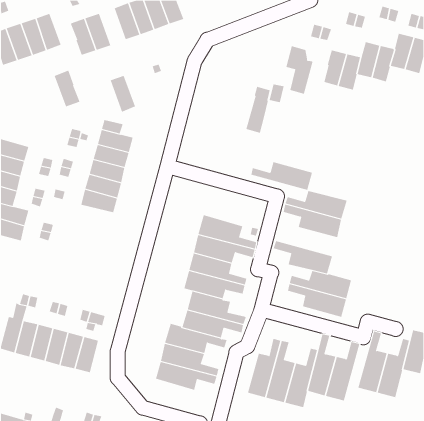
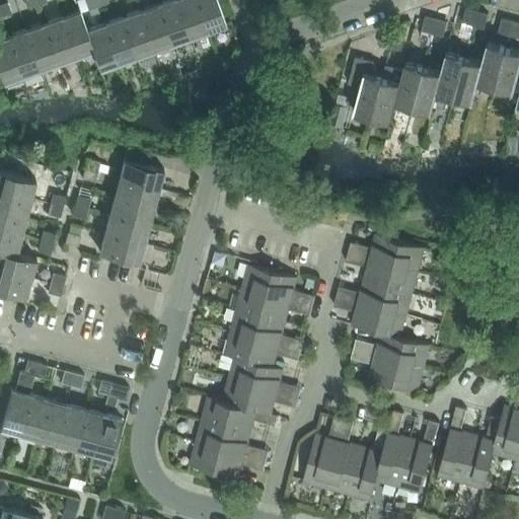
building: [54,70,80,107] -> [61,12,93,58]
building: [110,75,136,112] -> [122,13,153,59]
building: [246,86,270,133] -> [372,66,402,124]
building: [251,162,313,191] -> [337,281,413,316]

